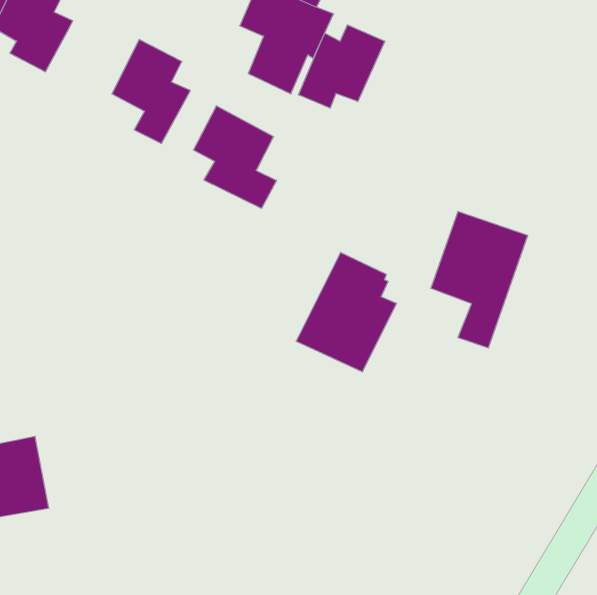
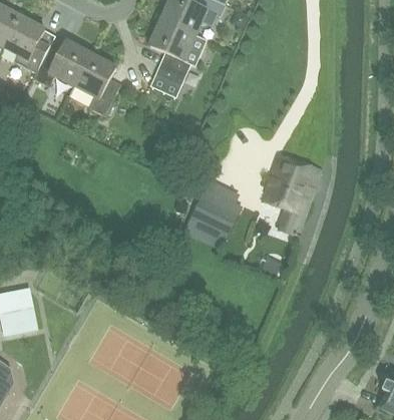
building: none -> [34,40,91,85]
building: [299,25,385,108] -> none
building: [193,106,277,208] -> none

